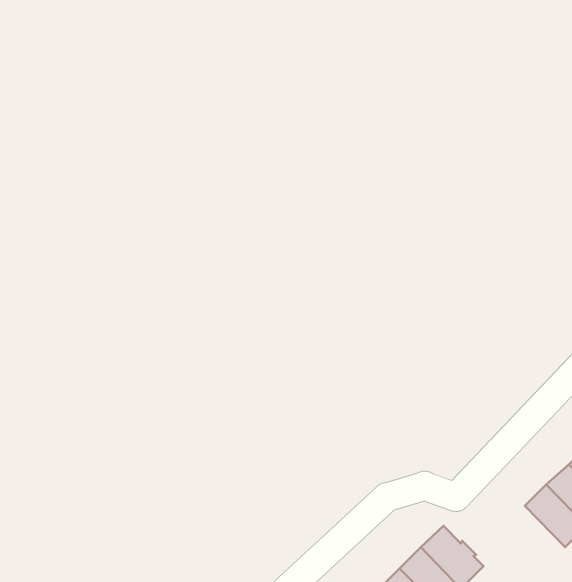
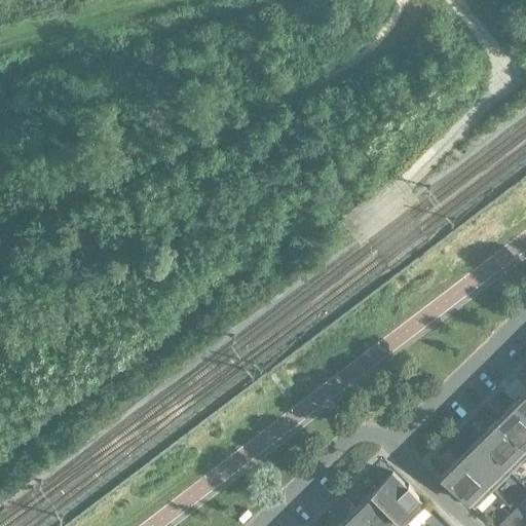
building: none -> [441,459,492,511]

